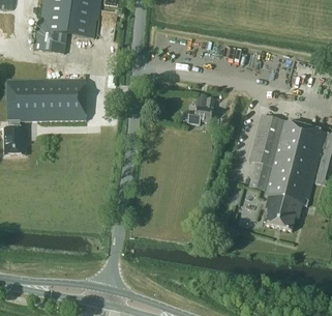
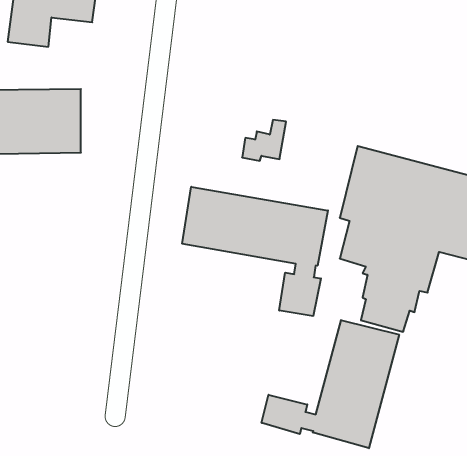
building: none -> [182,187,328,316]
building: none -> [262,320,399,448]

